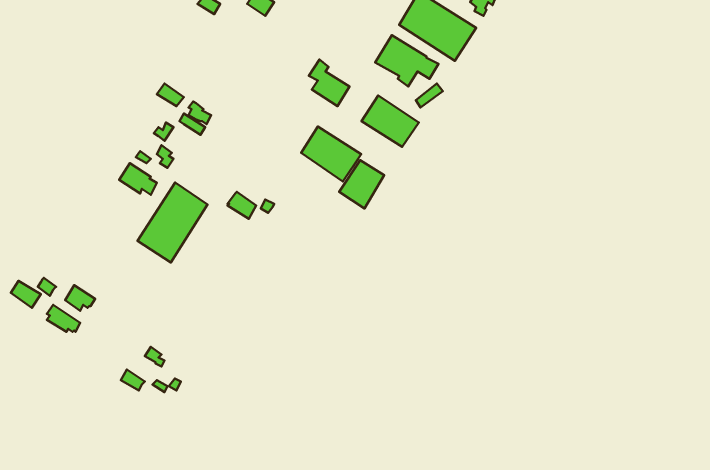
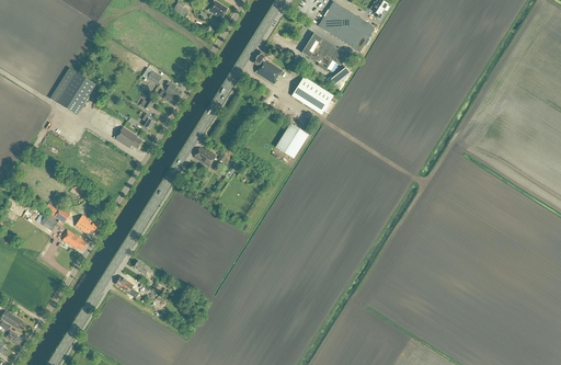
building: none -> [56,71,94,114]
building: [301,126,361,182] -> none
building: [137,182,207,263] -> none

